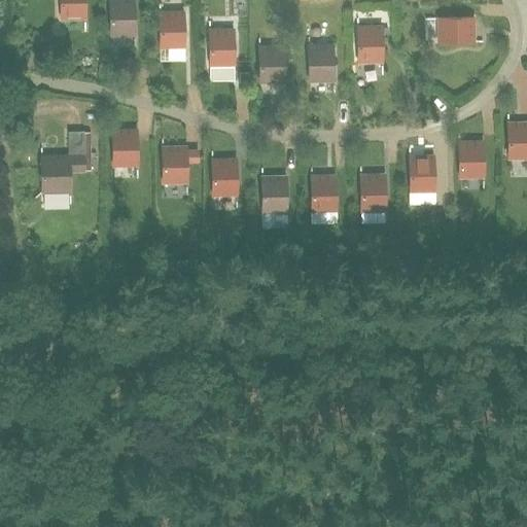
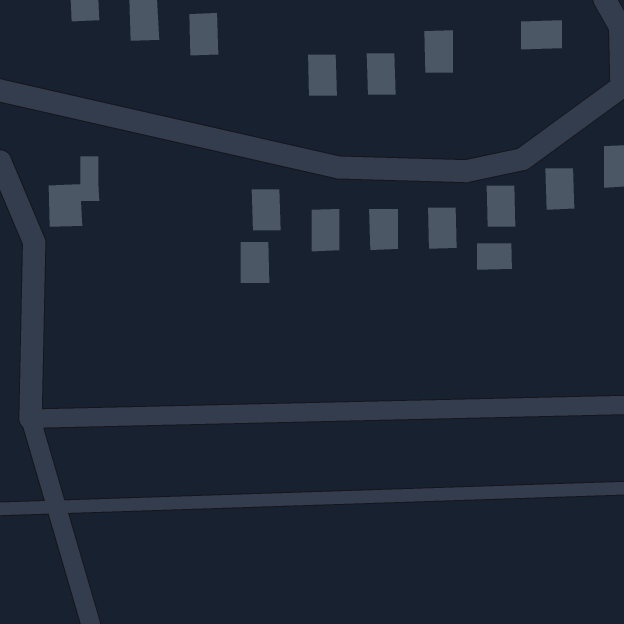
building: [210,29,235,65] -> none
building: [112,129,138,166] -> none
building: [163,146,188,182] -> [240,241,270,284]
building: none -> [476,243,513,271]

